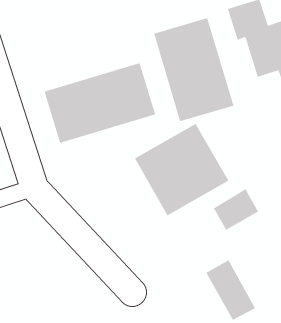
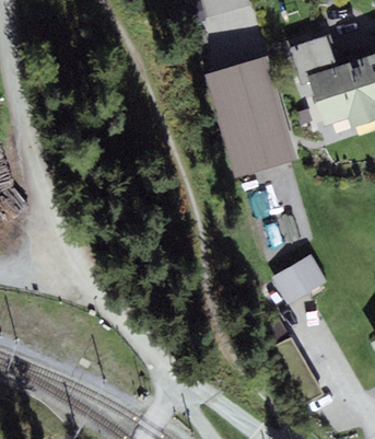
building: [43,62,156,144] -> none
building: [134,123,229,216] -> none

